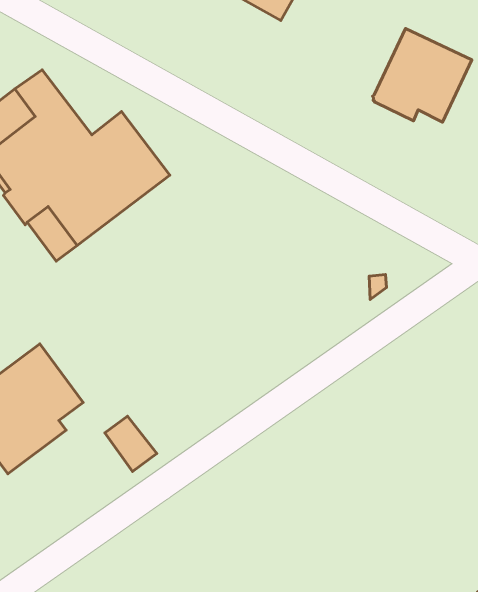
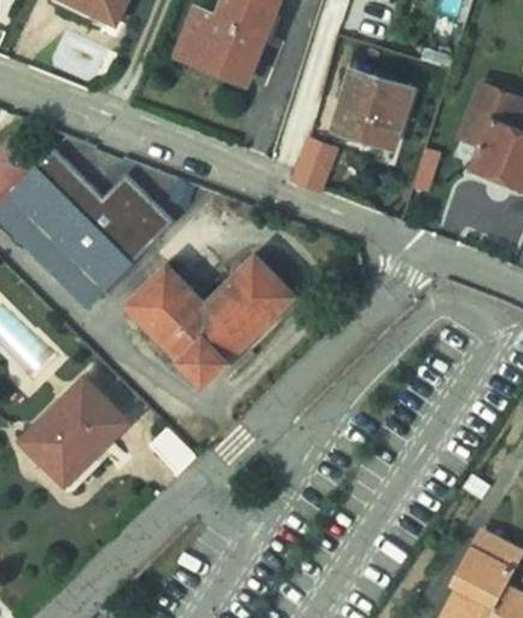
building: none -> [291,139,335,192]
building: none -> [126,255,295,384]

